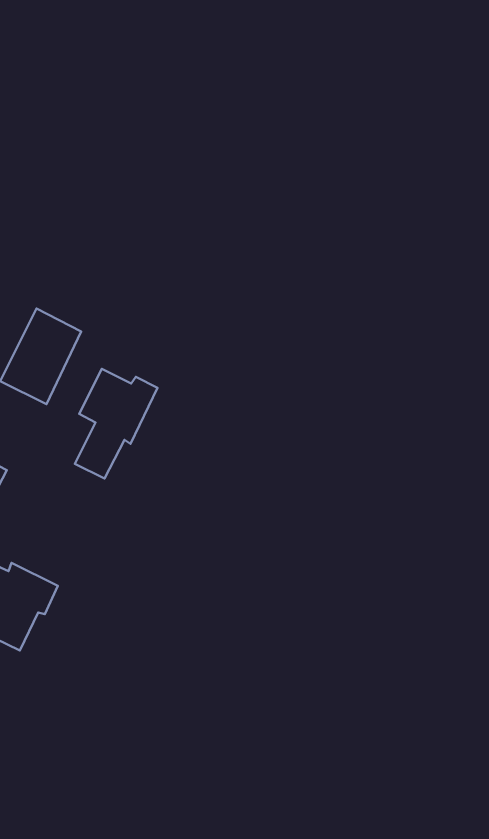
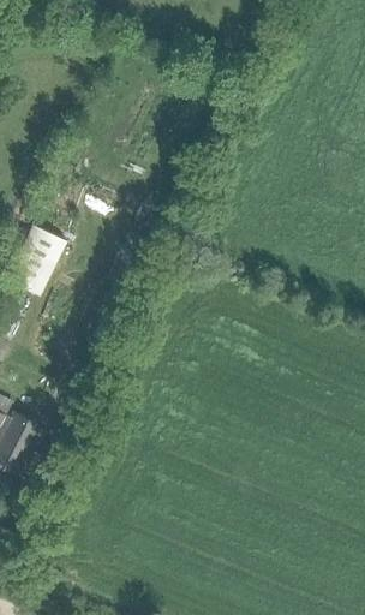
building: [75,369,158,479] -> none

